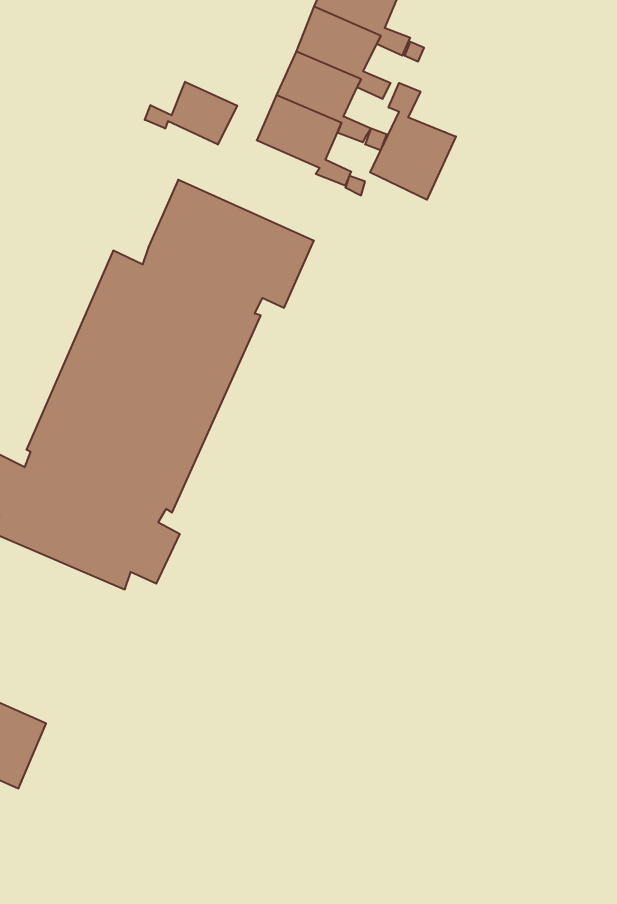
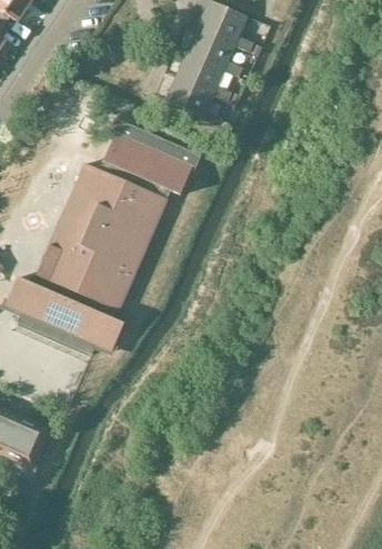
building: [145,82,237,145] -> none
building: [370,83,456,200] -> none

